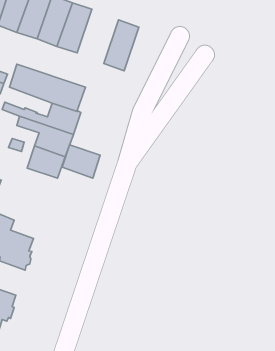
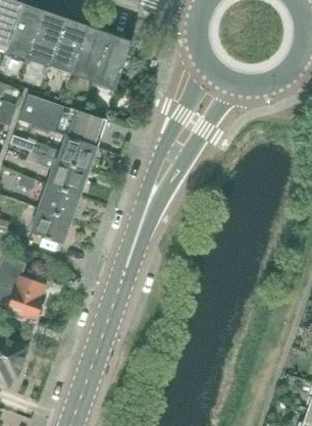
building: [104,20,139,71] -> [93,33,132,89]
building: [62,145,100,178] -> [30,207,71,244]

